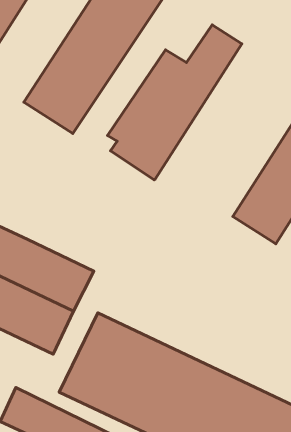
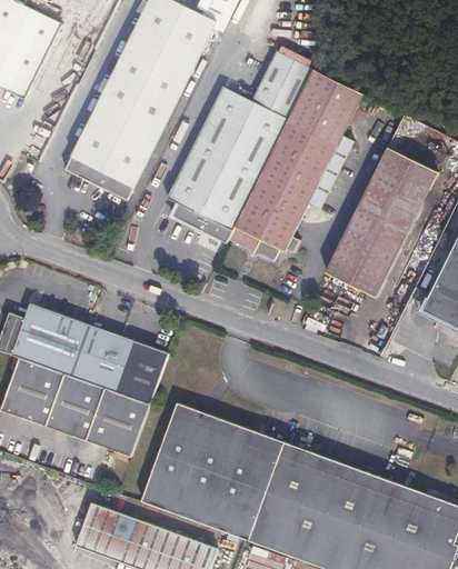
building: none -> [228,67,365,259]

